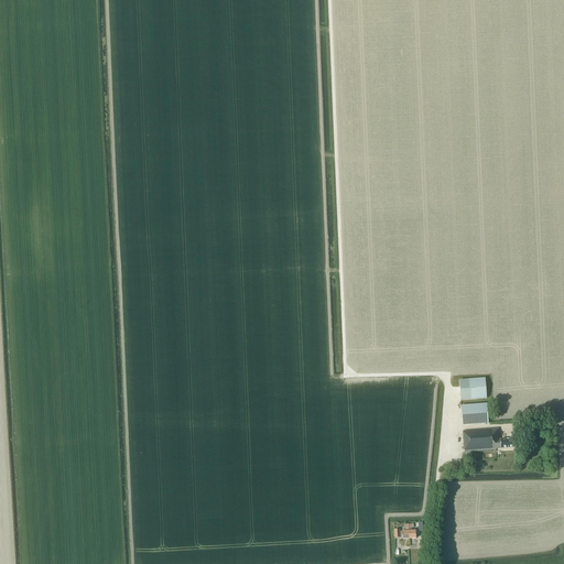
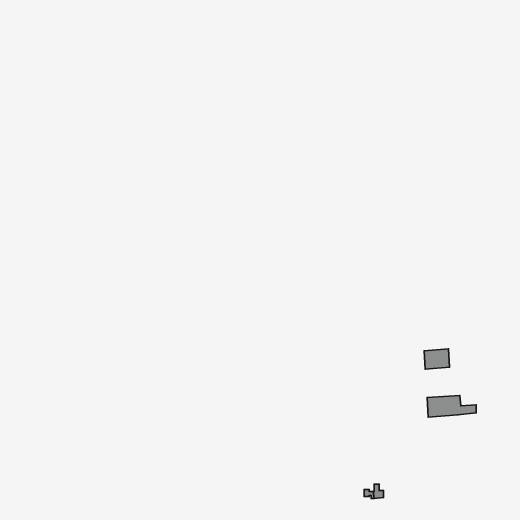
building: [460,402,488,424] -> none

